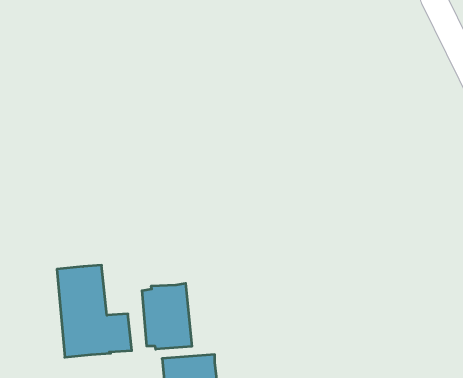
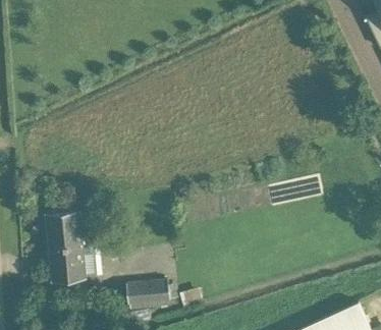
building: [142,283,192,349] -> none

